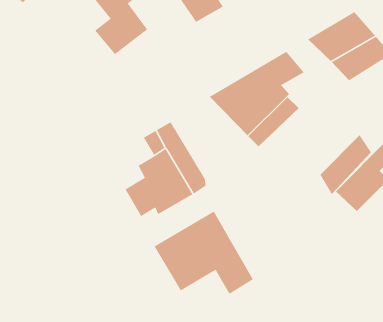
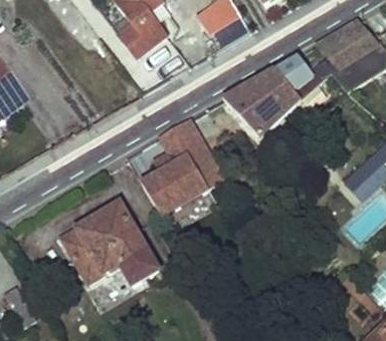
building: [319,134,372,195] -> none
building: [154,210,254,295] -> [63,204,157,282]

